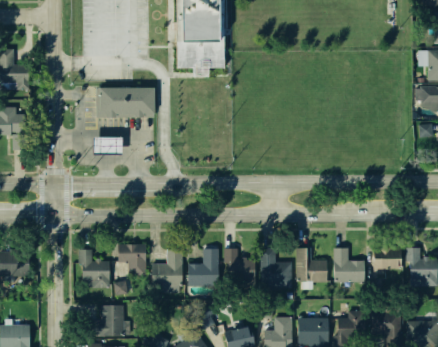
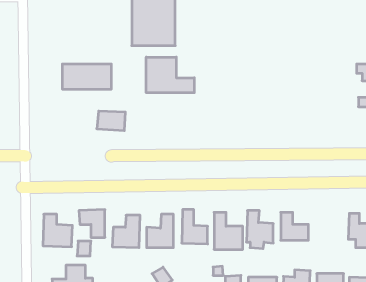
building: none -> [146,57,194,93]
building: [87,133,118,154] -> [97,111,125,131]
building: [371,249,398,270] -> none

